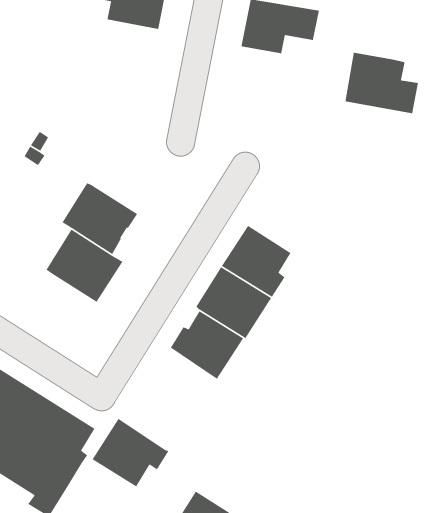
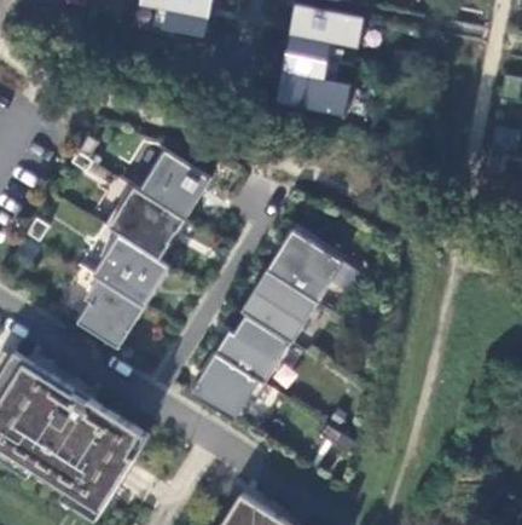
building: [345,52,419,114] -> [277,53,350,115]
building: none -> [138,149,209,219]
building: none -> [76,278,143,348]
building: [91,418,169,487] -> [188,352,266,421]

